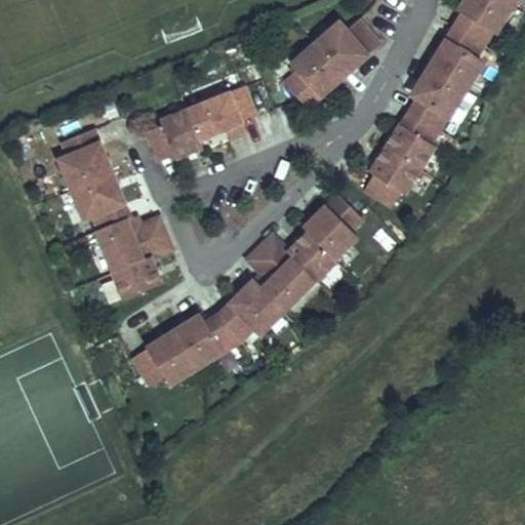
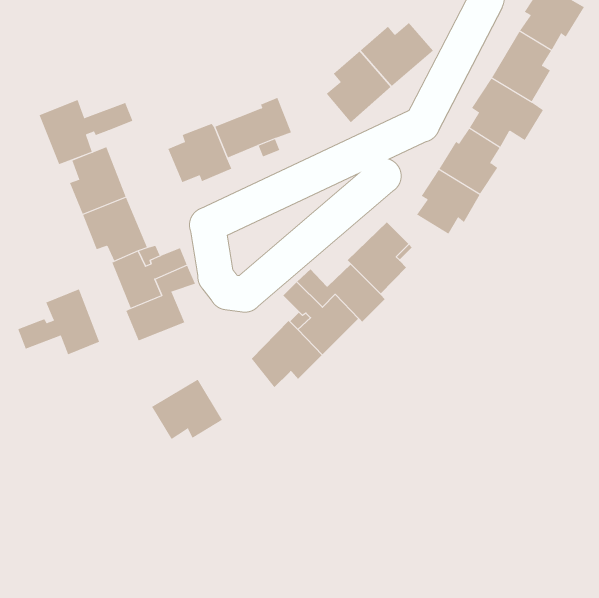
building: none -> [39,99,133,165]
building: none -> [18,288,100,355]
building: [173,314,240,367] -> none

